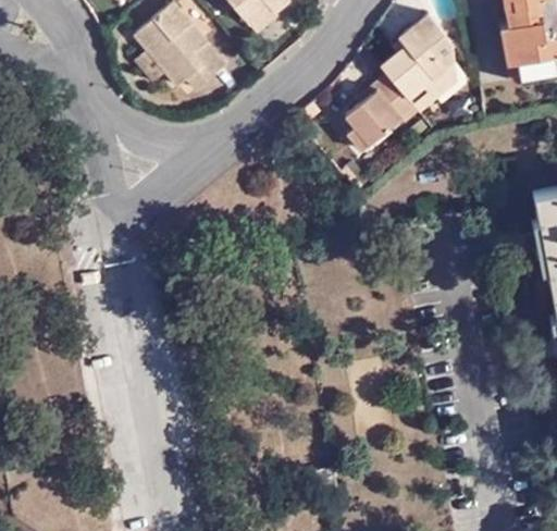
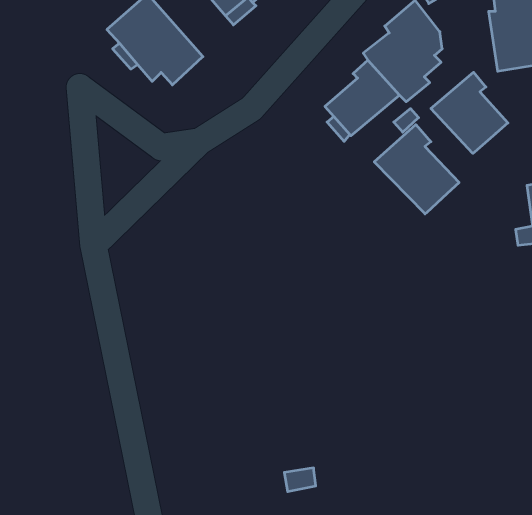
building: none -> [431,72,508,153]
building: none -> [374,125,459,214]

